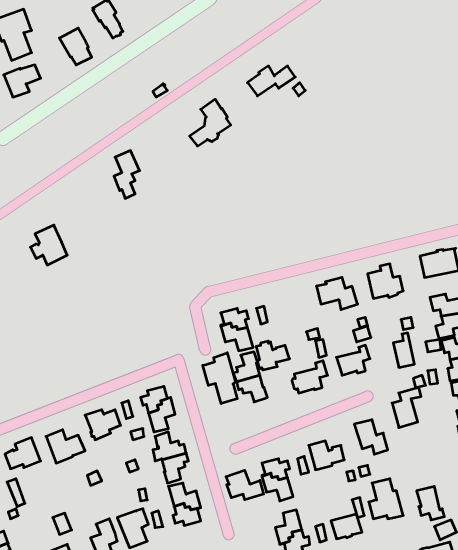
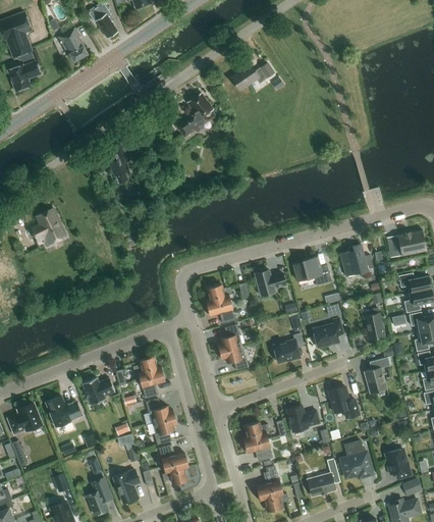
building: [256,341,290,370] -> [255,268,285,295]
building: [203,353,237,404] -> none
building: [226,470,264,500] -> none

